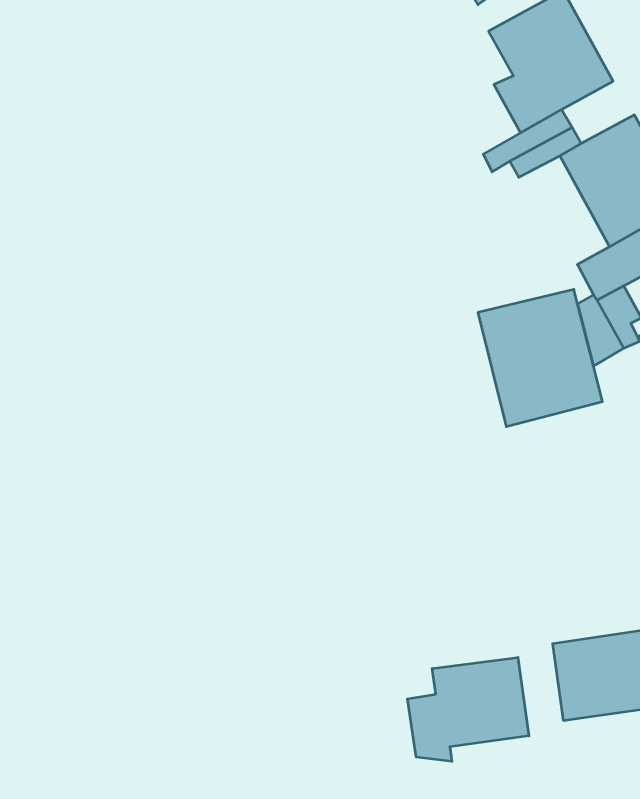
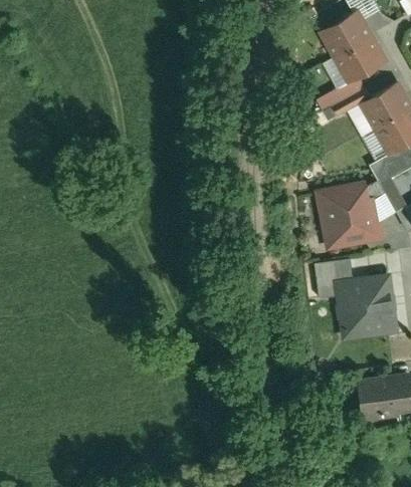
building: none -> [315,261,400,342]
building: [407,657,529,761] -> none

